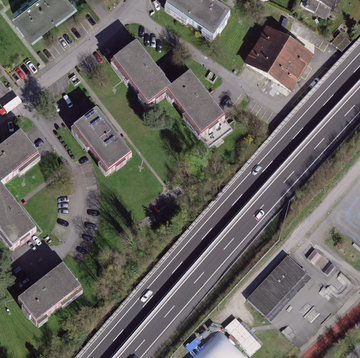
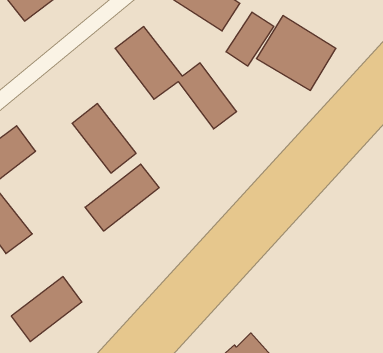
building: none -> [226,12,274,66]
building: none -> [85,164,159,231]
building: [247,255,310,317] -> none

